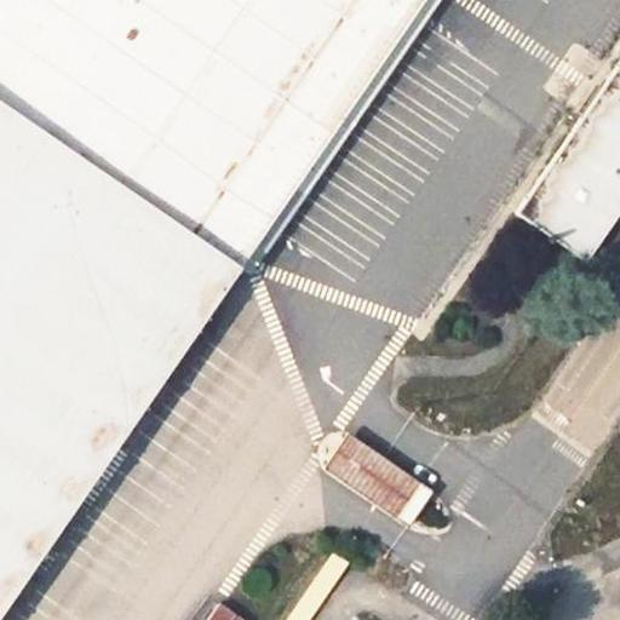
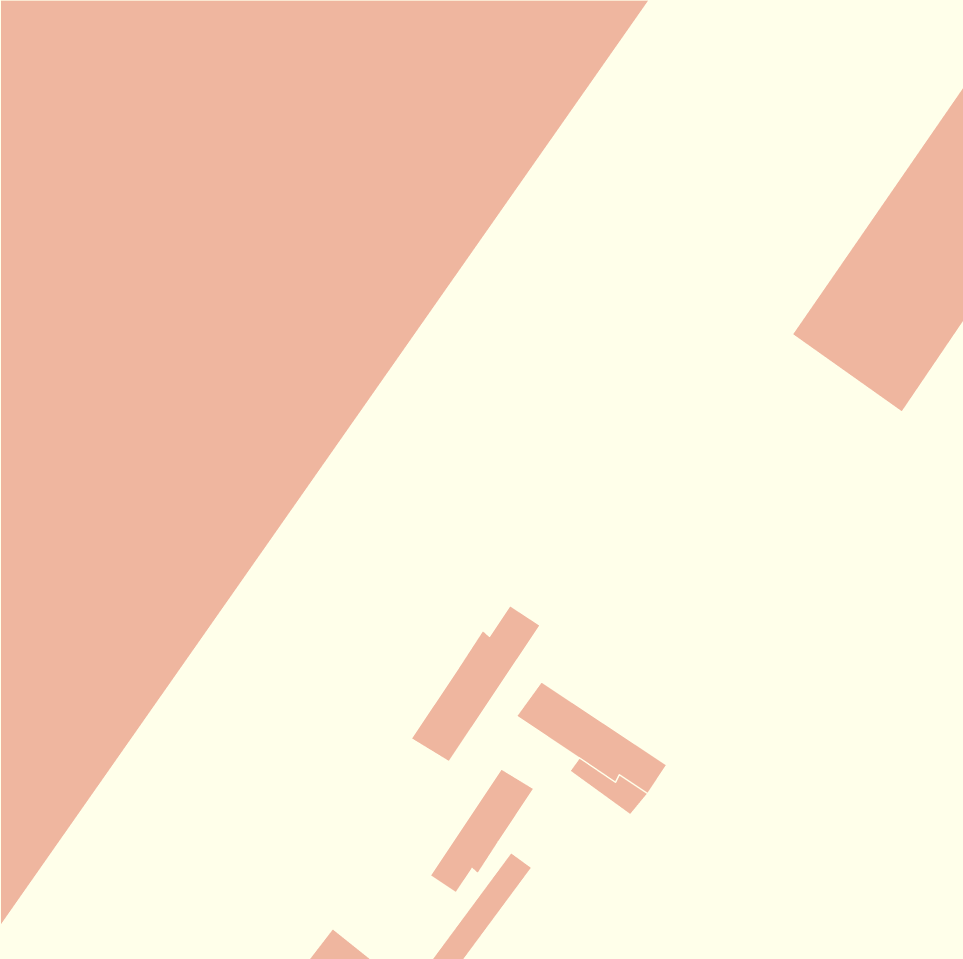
building: none -> [411,605,540,762]
building: none -> [430,769,534,893]

